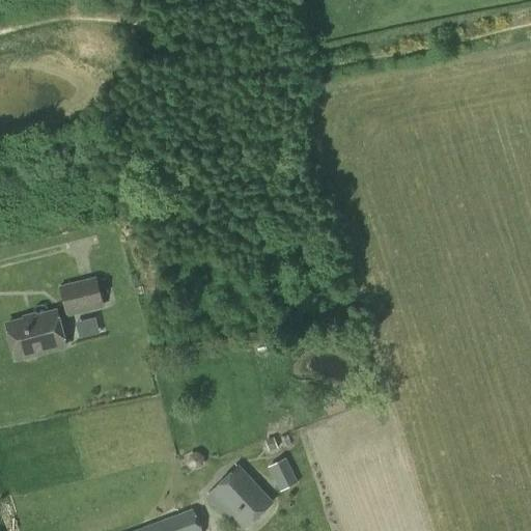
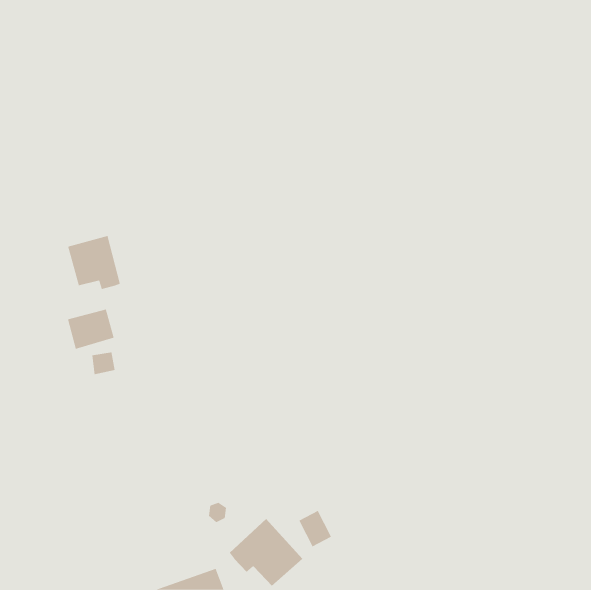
building: none -> [67,235,121,290]
building: [7,310,65,358] -> none

